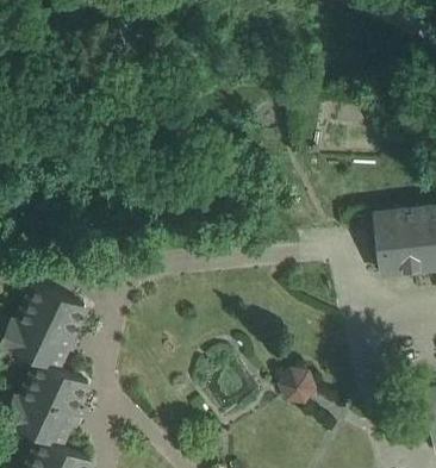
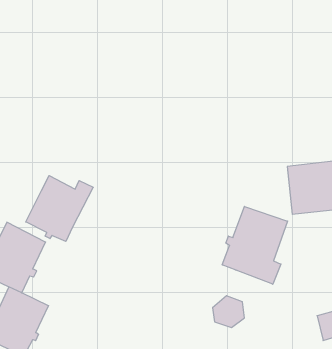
building: none -> [26,176,93,241]
building: none -> [222,206,288,284]

